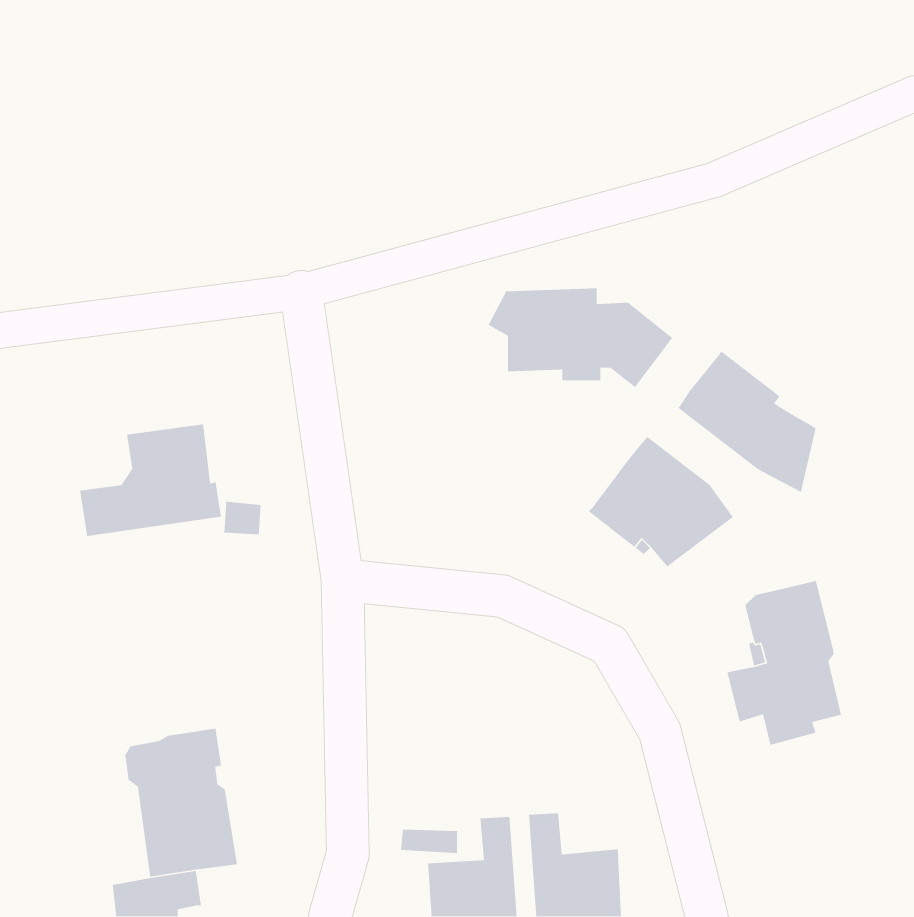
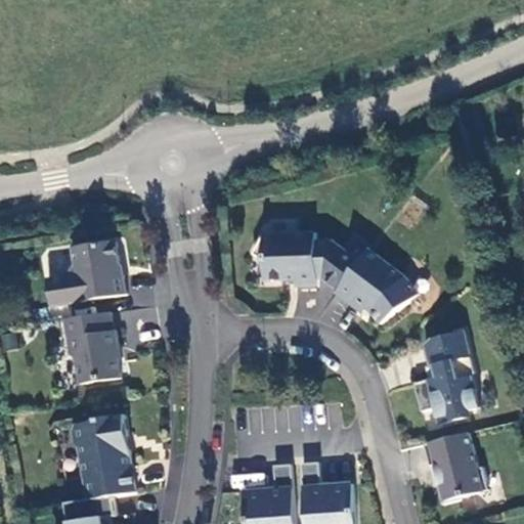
building: [487,287,673,388] -> [252,231,357,289]
building: [677,350,817,493] -> none
building: none -> [64,311,120,384]
building: none -> [423,432,487,504]

